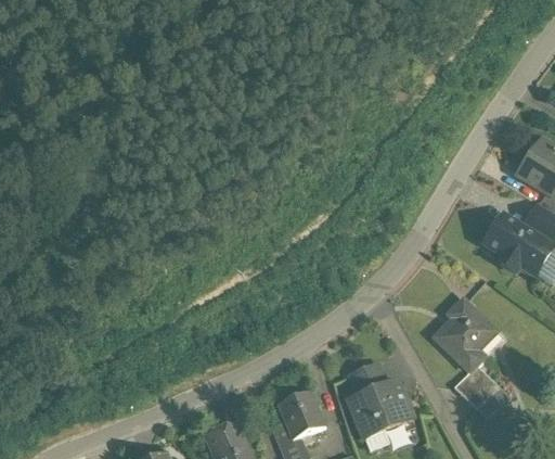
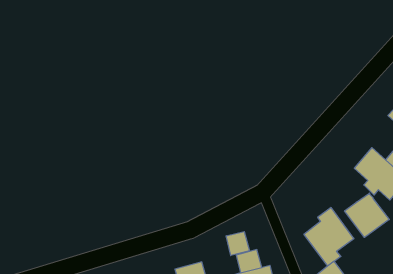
building: none -> [345,193,389,237]
building: none -> [226,232,249,256]

